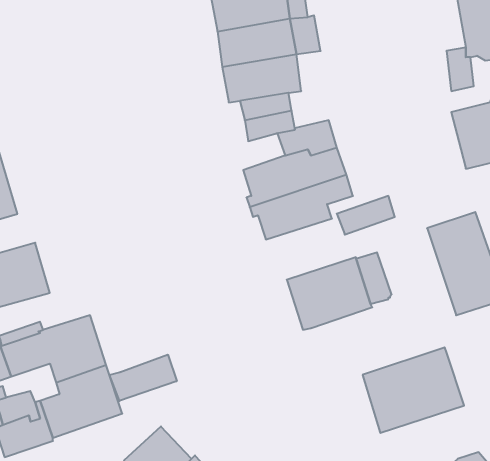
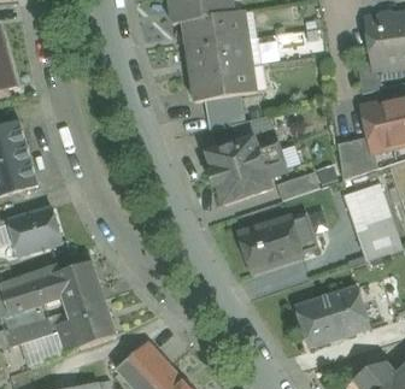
building: none -> [335,136,377,177]
building: [109,355,177,401] -> none

